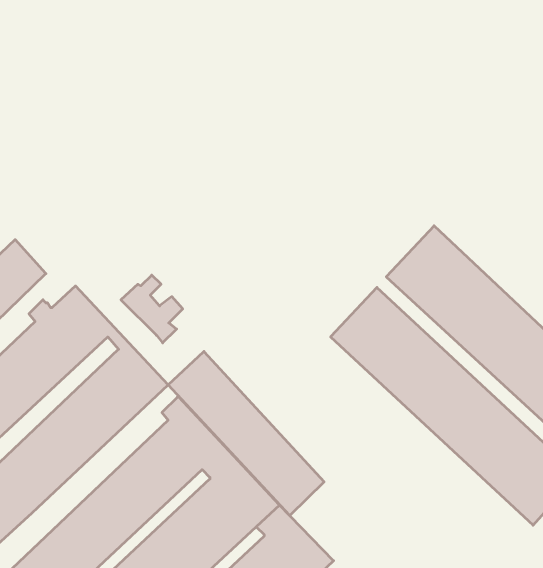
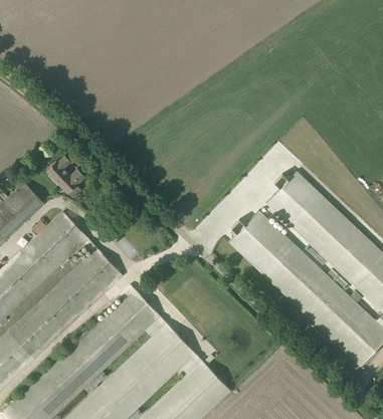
building: [121,275,183,343] -> [45,155,85,199]
building: [168,351,324,515] -> none

